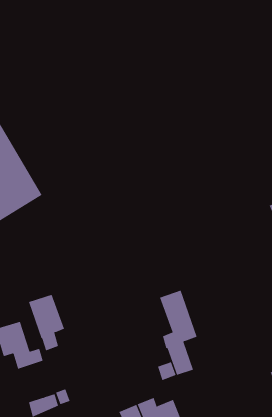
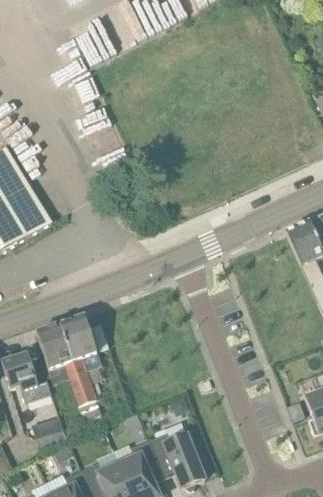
building: [159,290,198,376] -> [61,314,101,403]

